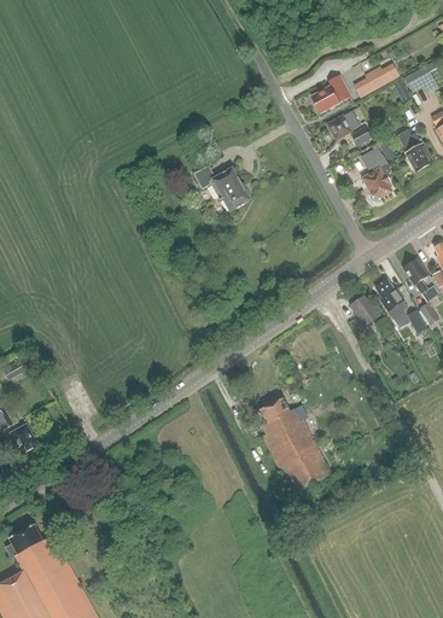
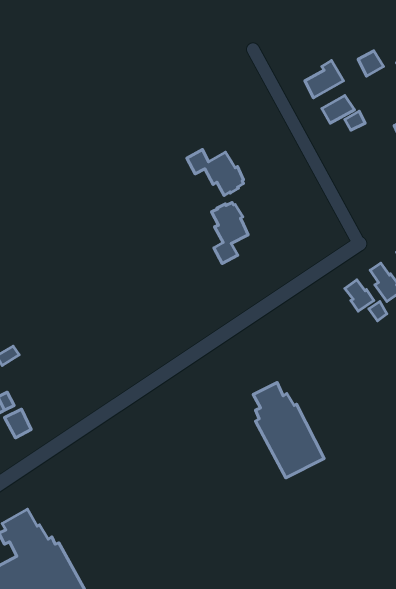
building: [361,147,392,202] -> none
building: none -> [212,203,248,264]

